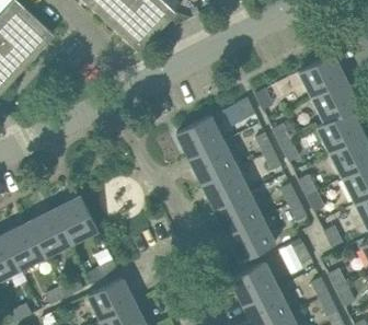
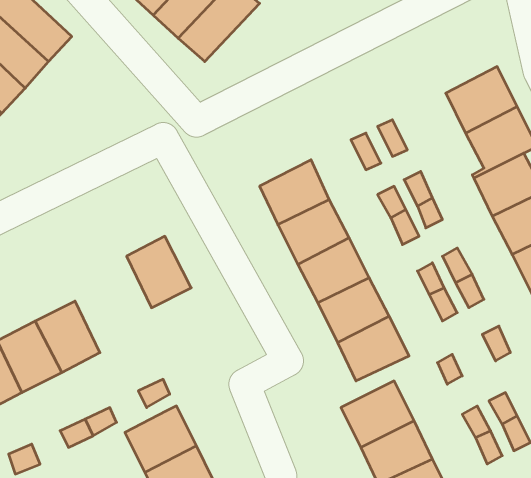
building: [55,194,97,241] -> [127,236,191,308]

